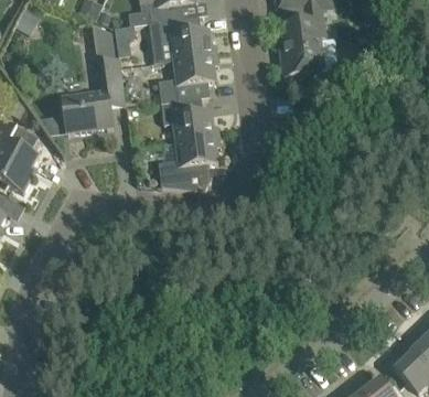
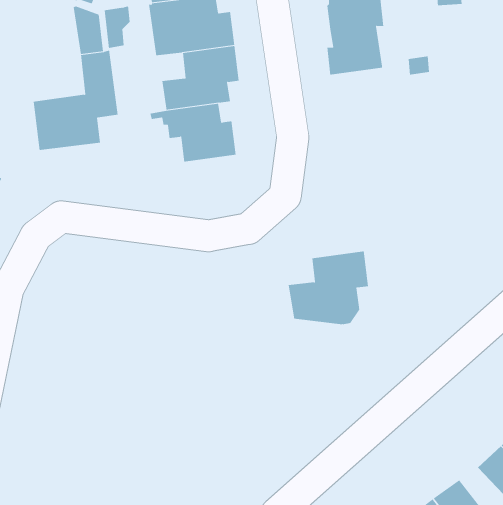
building: [157,135,217,190] -> [288,251,369,325]

